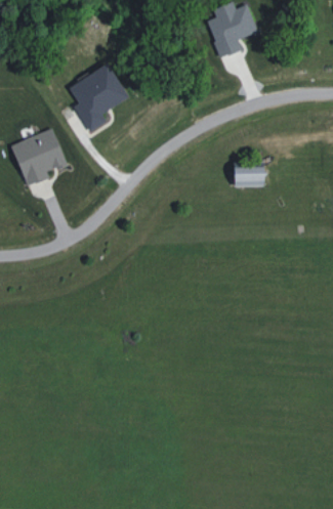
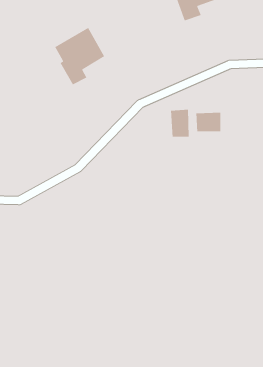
building: [11,127,67,185] -> none
building: none -> [170,109,190,138]

